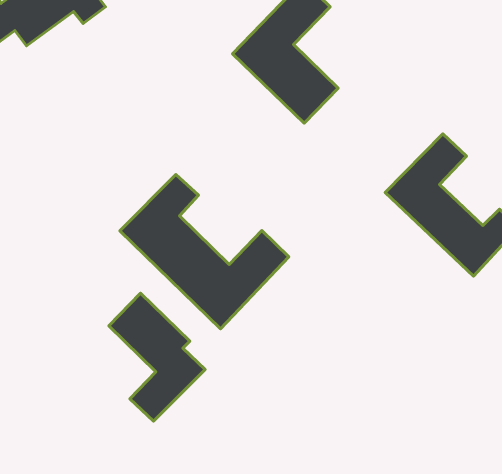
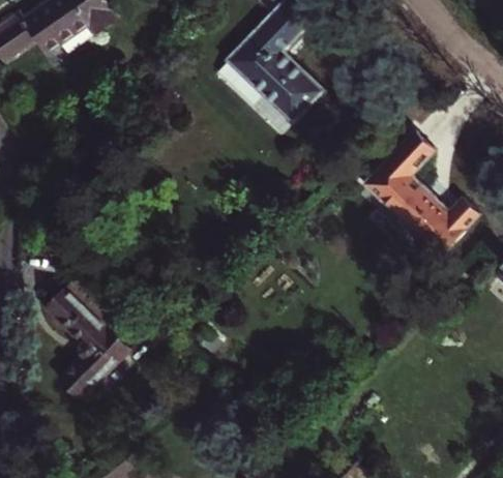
building: [120,174,289,329] -> none
building: [109,293,205,421] -> [46,280,130,393]

